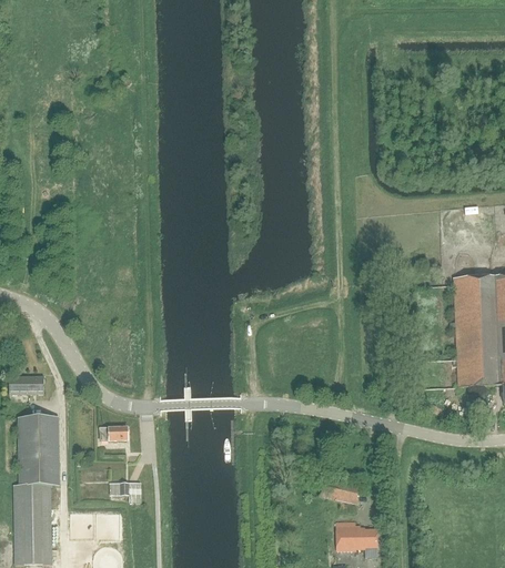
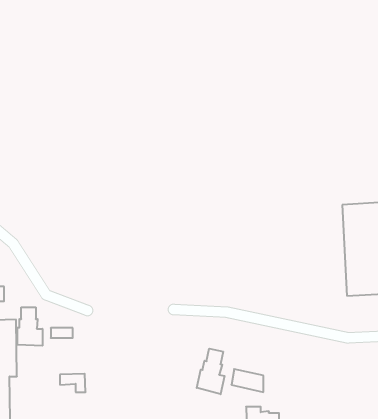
building: none -> [17,307,42,346]
building: none -> [197,349,225,394]

